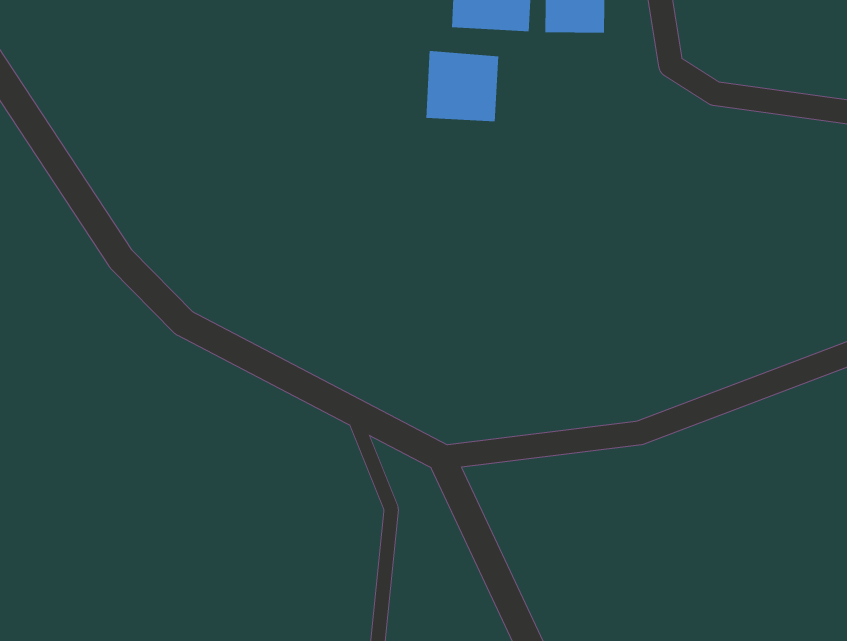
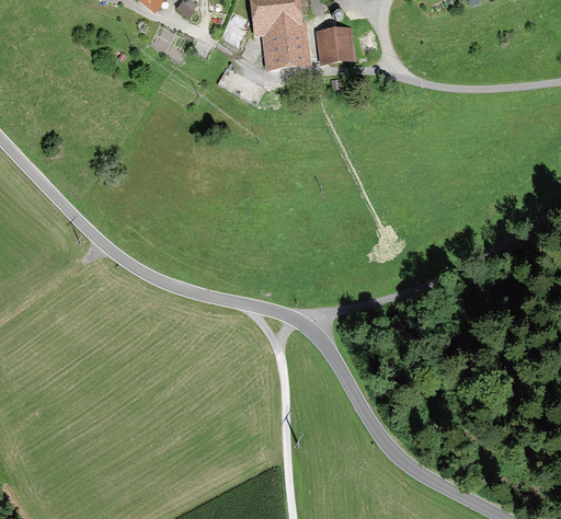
building: [426,50,499,122] -> none

